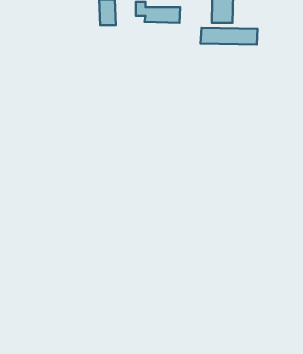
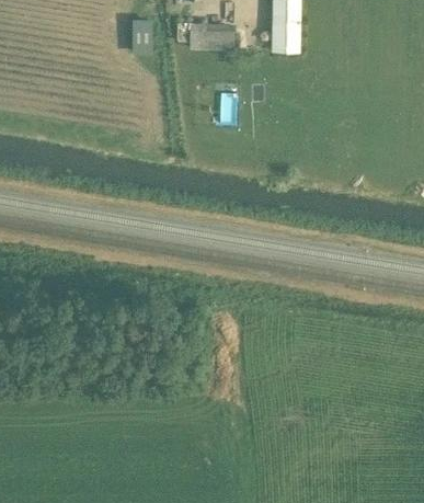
building: [201,28,258,45] -> none

